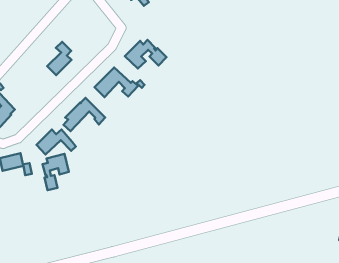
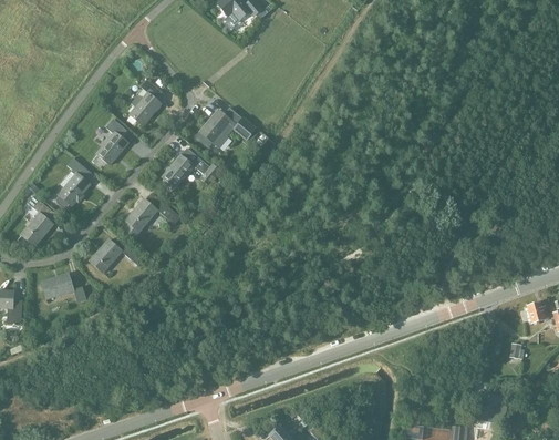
building: none -> [128,78,163,125]
building: none -> [56,157,95,207]
building: [42,154,69,190] -> none

